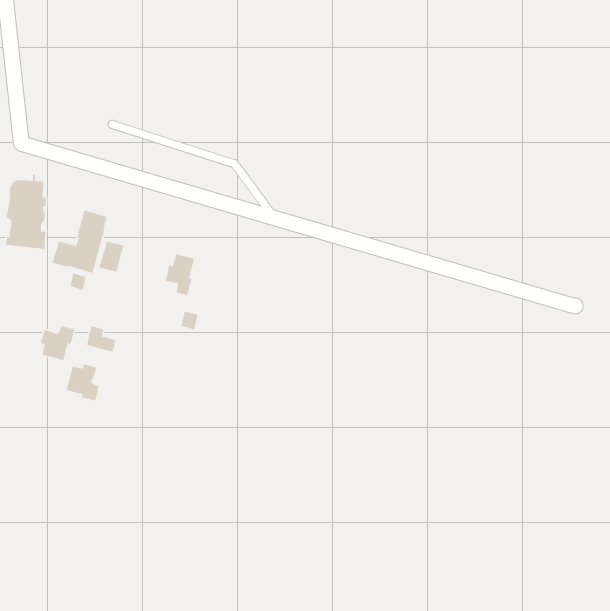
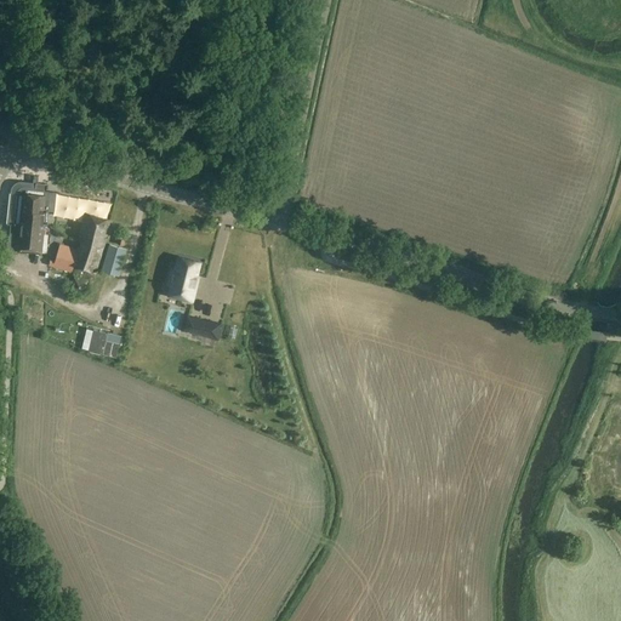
building: [40,326,75,361] -> none
building: [66,363,100,401] -> none

